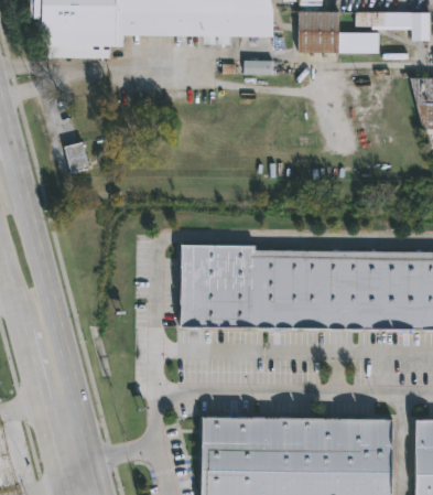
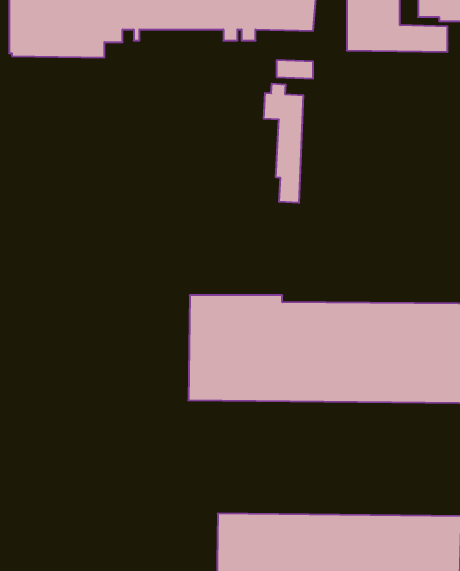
building: none -> [264,84,303,203]
building: [61,141,86,172] -> none

